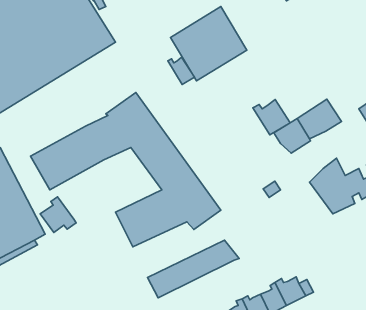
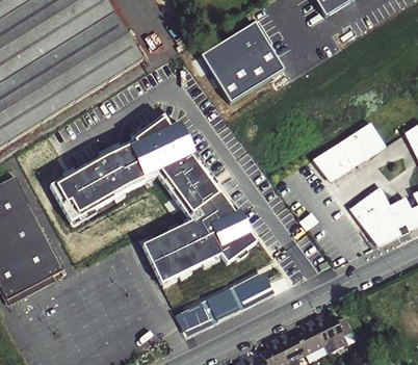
building: [168,57,194,84] -> none
building: [253,100,290,135] -> none
building: [40,197,76,233] -> none

